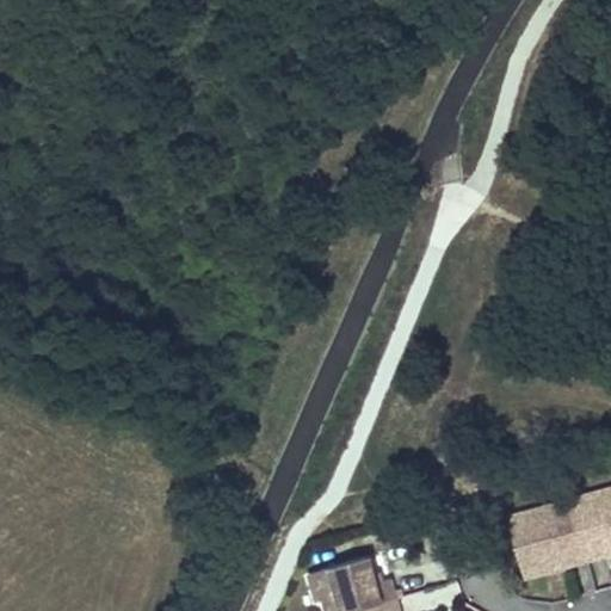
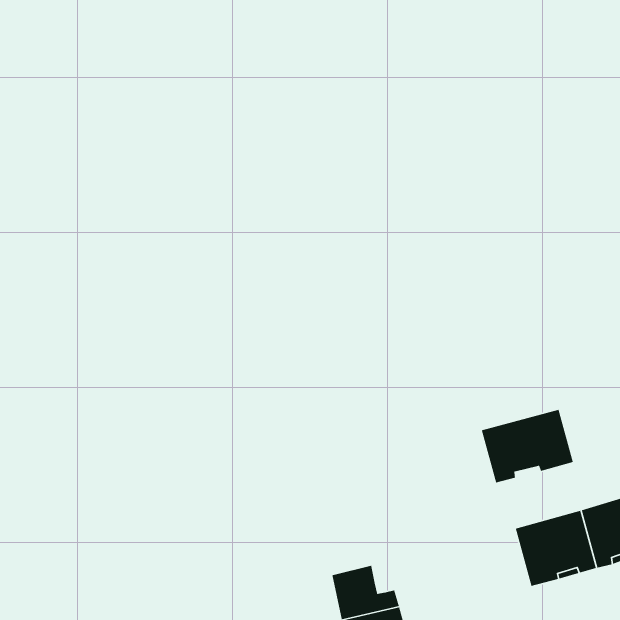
building: none -> [481,409,574,483]

